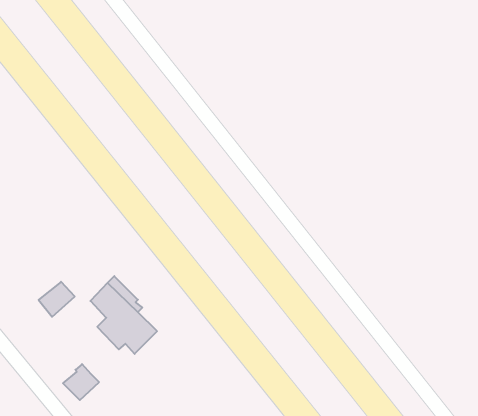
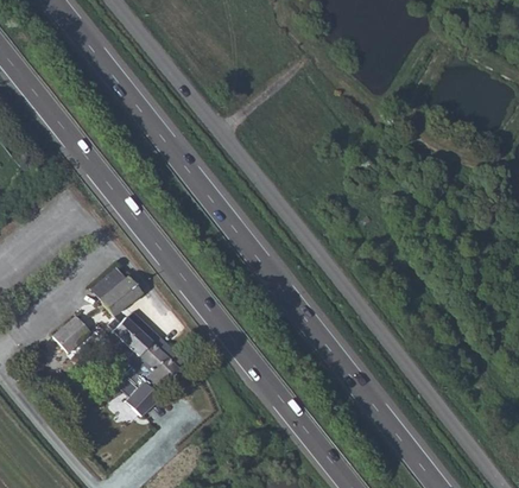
building: none -> [89,267,143,315]
building: [63,364,99,400] -> [124,382,162,420]

